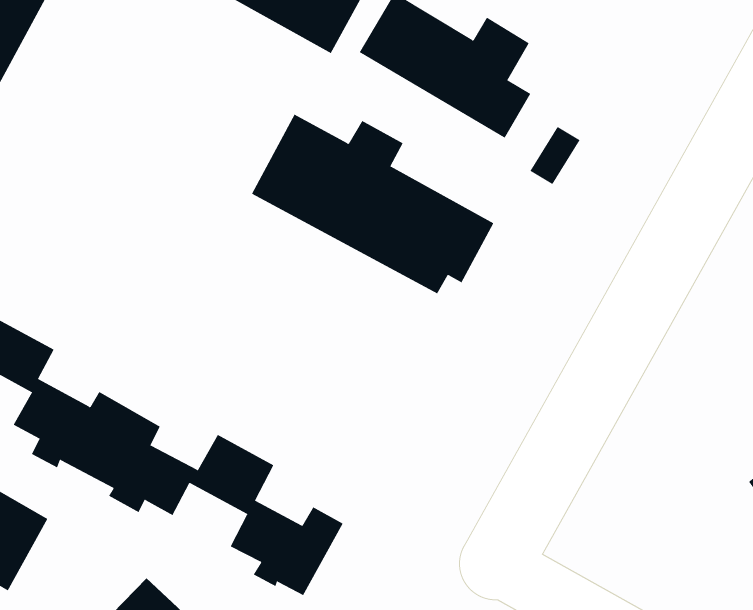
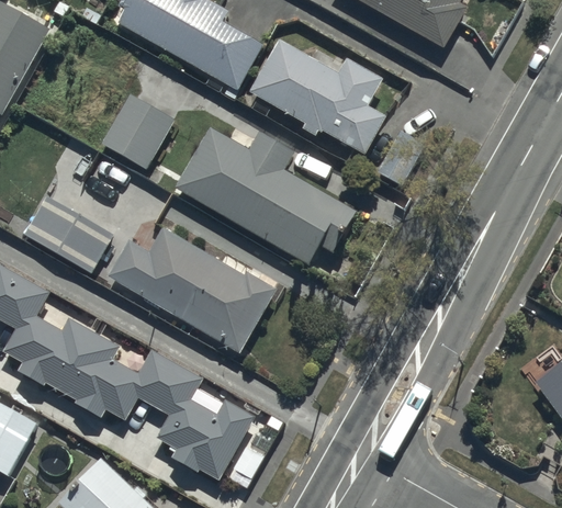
building: none -> [103,95,175,171]
building: none -> [26,192,114,271]
building: none -> [111,229,274,350]

